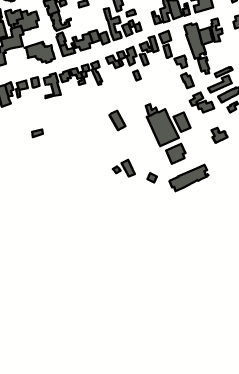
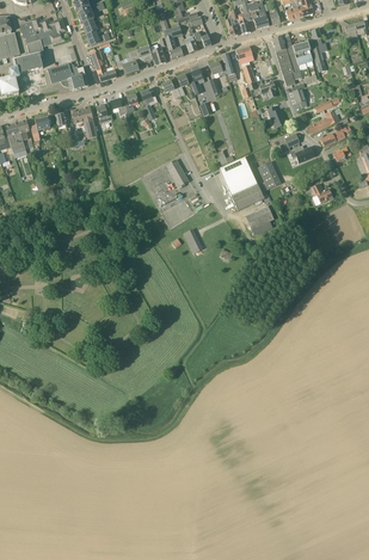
building: [170,165,209,191] -> none

